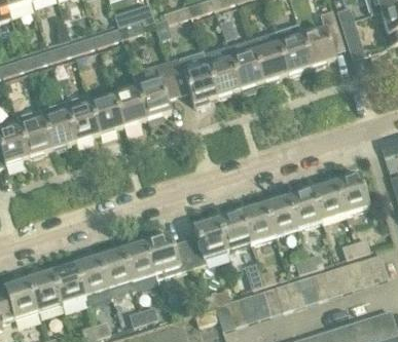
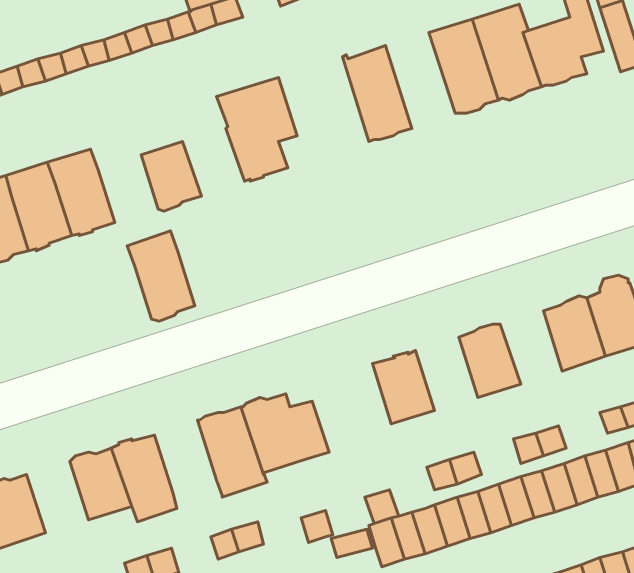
building: [224,39,262,96] -> none
building: [166,52,215,108] -> none
building: [113,91,147,128] -> none
building: [63,94,100,144] -> [127,231,195,321]
building: [287,191,321,231] -> none
building: [241,205,275,245] -> none
building: [184,220,227,268] -> none
building: [98,251,135,299] -> none
building: [28,273,62,312] -> none

